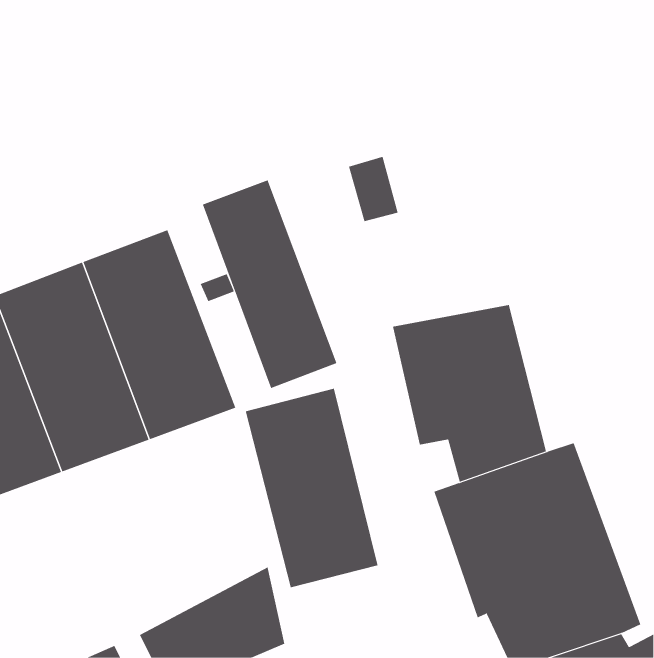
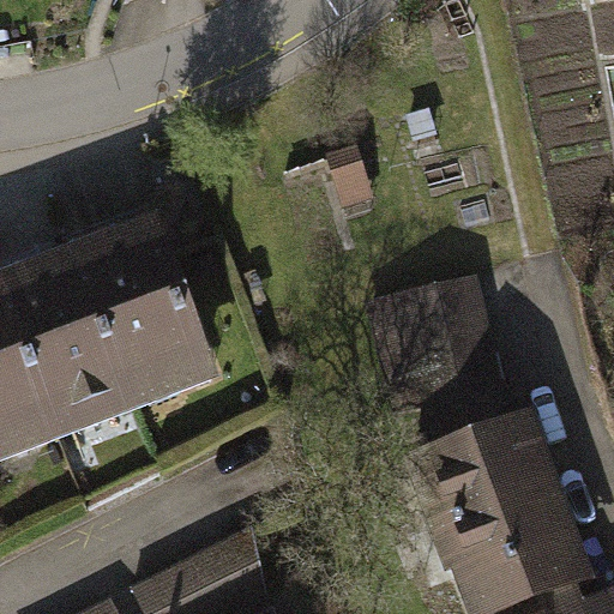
building: [202,180,337,389] -> none
building: [245,388,378,588] -> none

